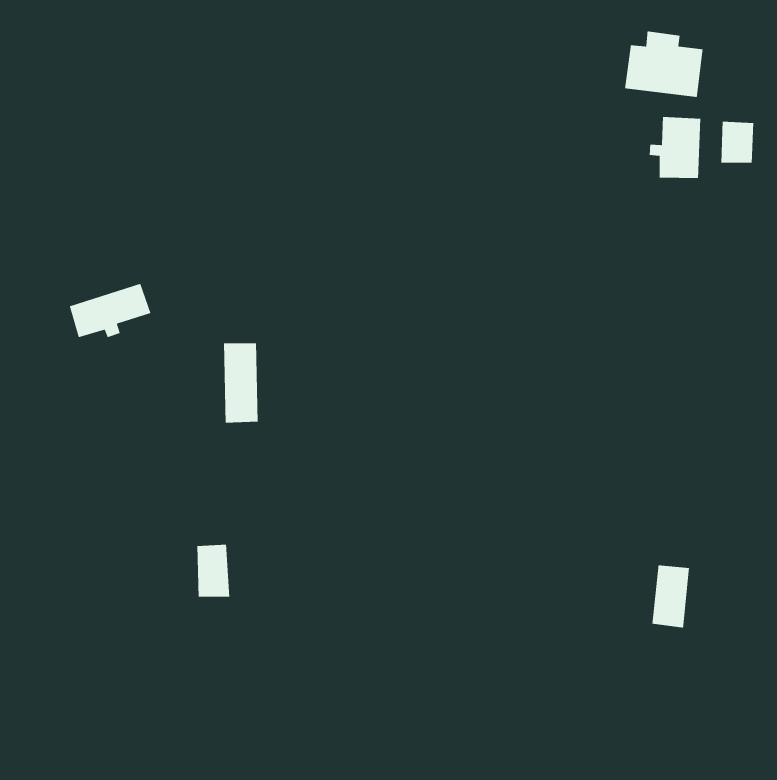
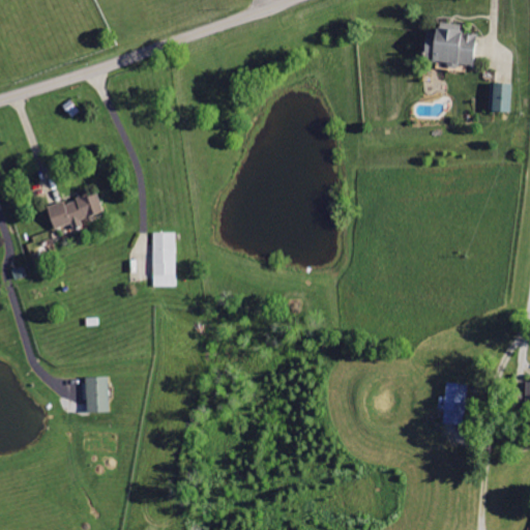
building: [649,116,701,179] -> none
building: [196,544,230,597] -> [86,377,109,413]

